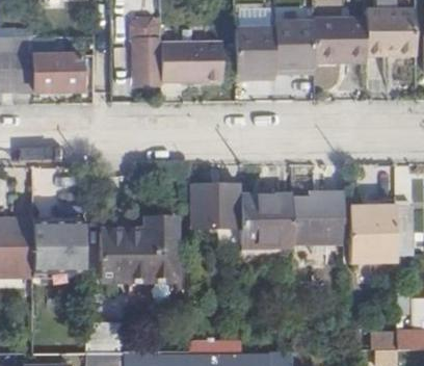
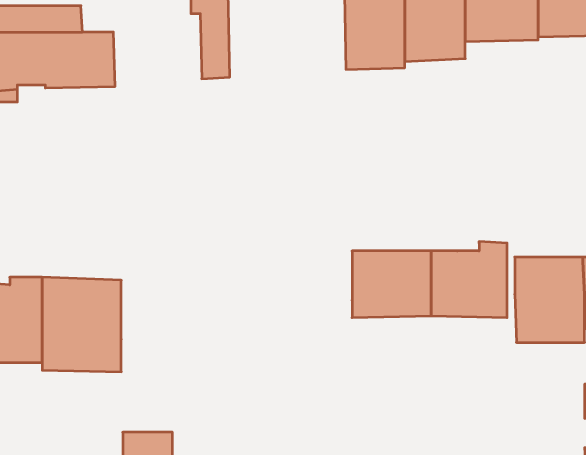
building: [160,43,221,82] -> none
building: [194,187,240,234] -> none
building: [100,218,174,281] -> none

